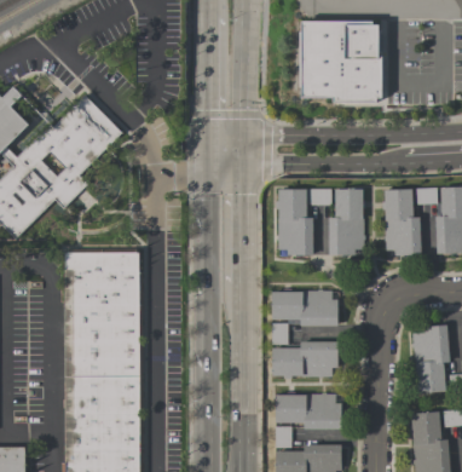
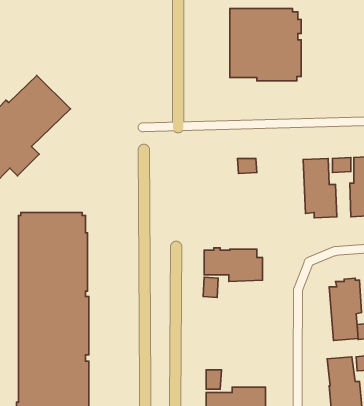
building: [328,189,364,255] -> none
building: [276,190,313,255] -> none
building: [271,341,336,379] -> none
building: [275,393,341,430] -> none

